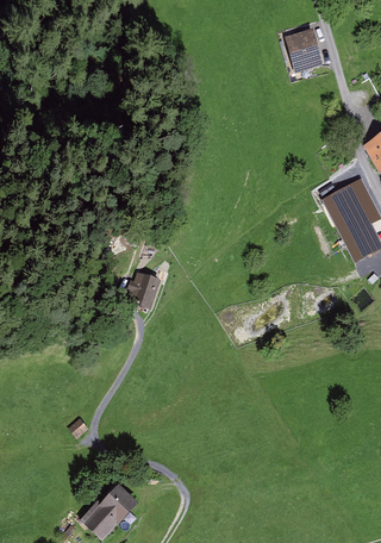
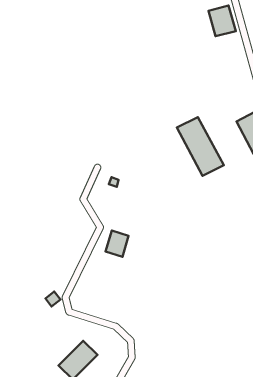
building: none -> [177,117,224,176]
building: [125,273,156,308] -> [106,230,129,257]

